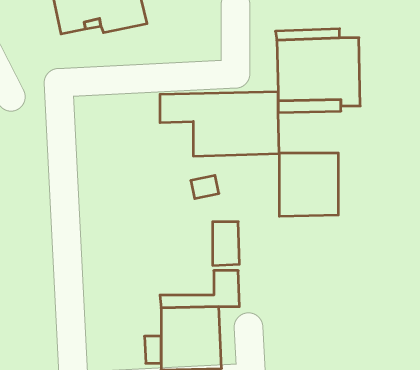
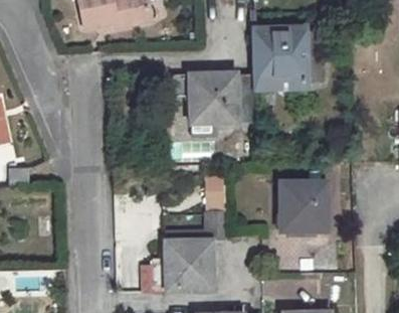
building: [279,153,338,216] -> [280,182,327,231]

